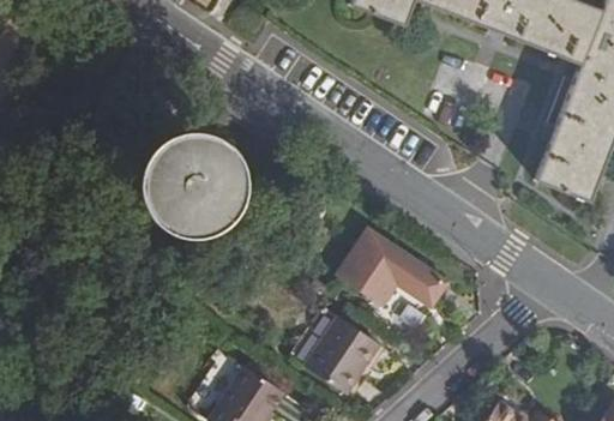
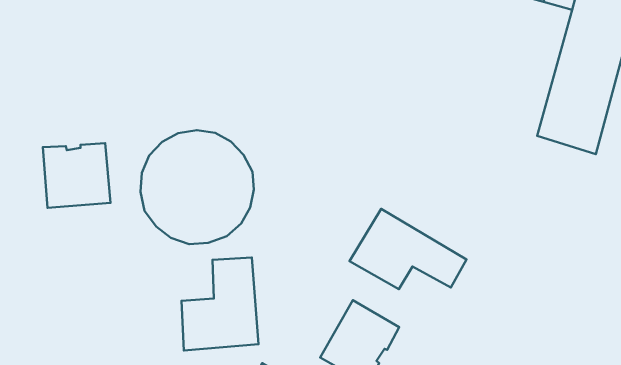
building: none -> [43,143,110,208]
building: none -> [181,258,258,350]

